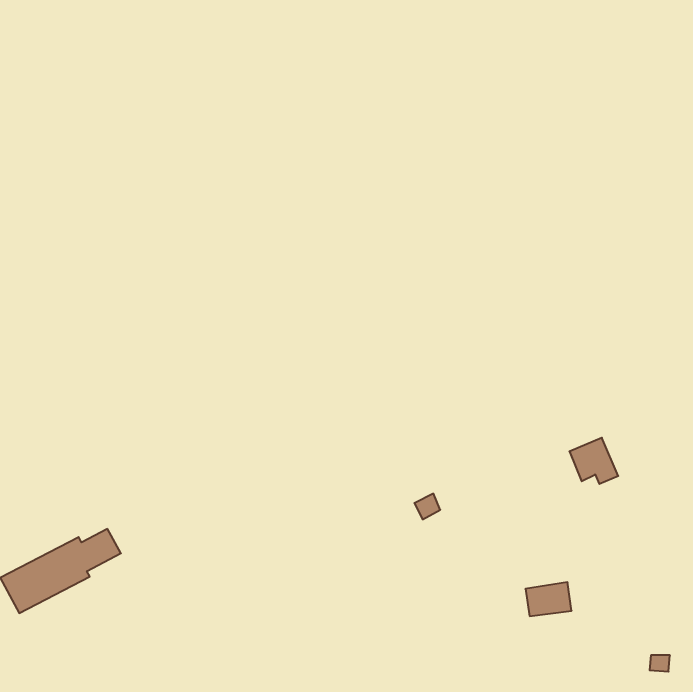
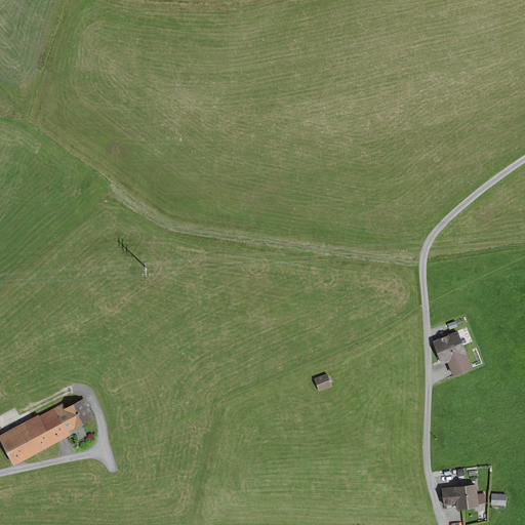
building: [525,582,572,616] -> [441,483,476,509]

